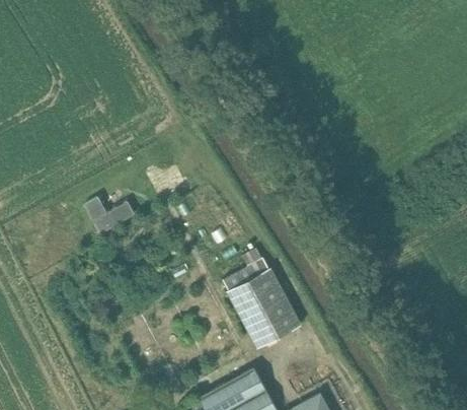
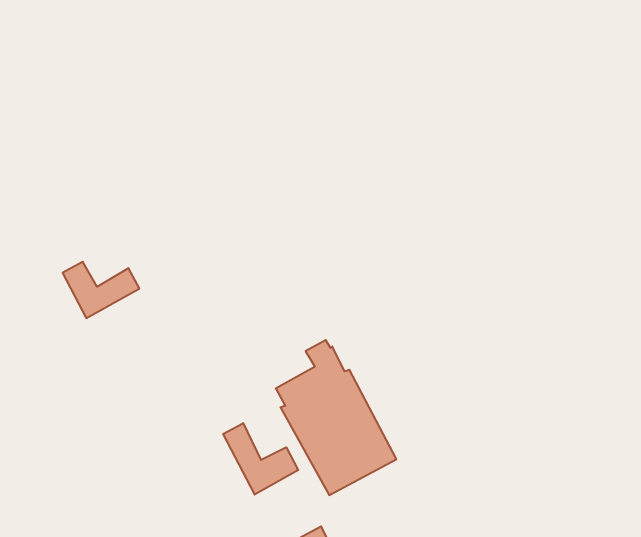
building: none -> [223,423,298,495]

